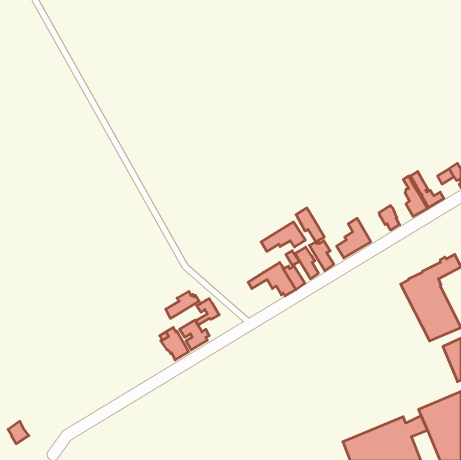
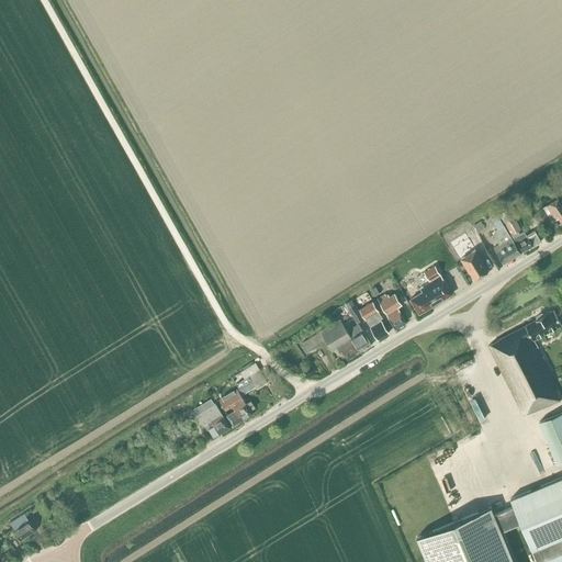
building: [296,208,324,242] -> none
building: [261,222,305,251] -> none
building: [166,291,199,318] -> none

